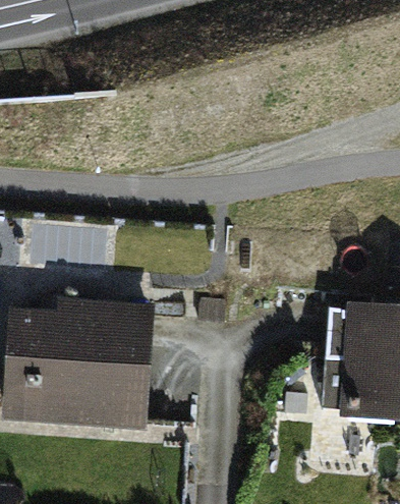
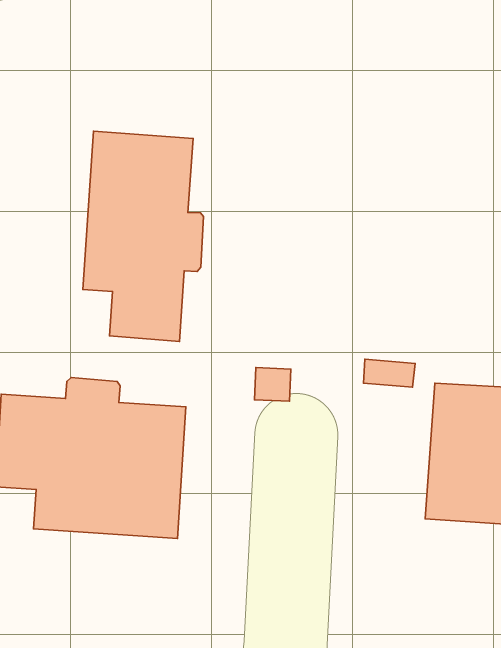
building: none -> [83,131,203,341]

